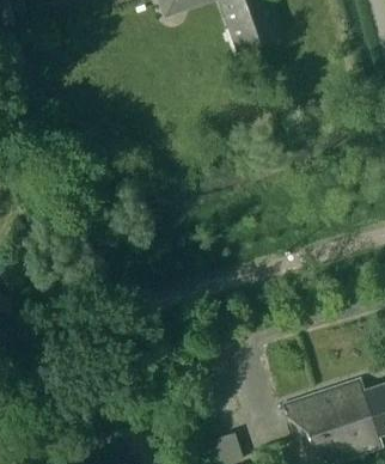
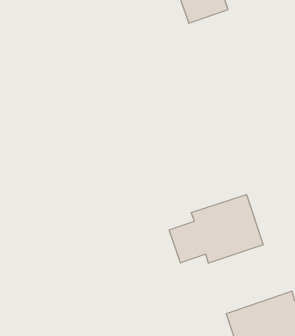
building: none -> [169,195,263,263]

